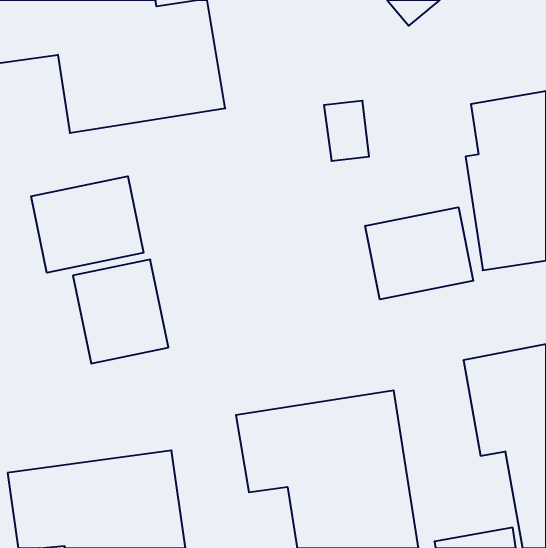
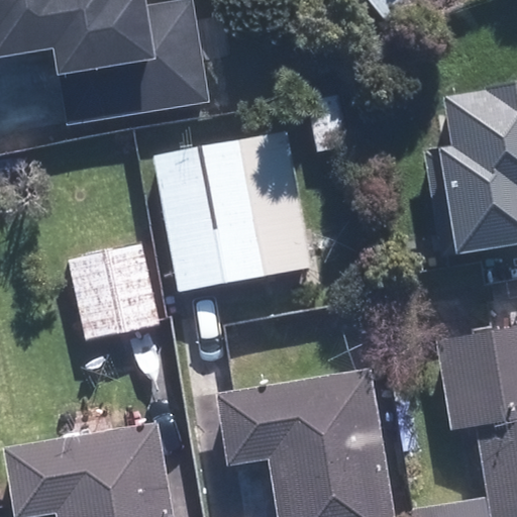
building: none -> [153,130,313,292]
building: [31,176,144,273] -> none
building: [365,207,473,299] -> none

